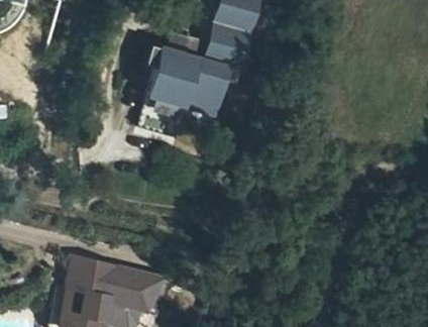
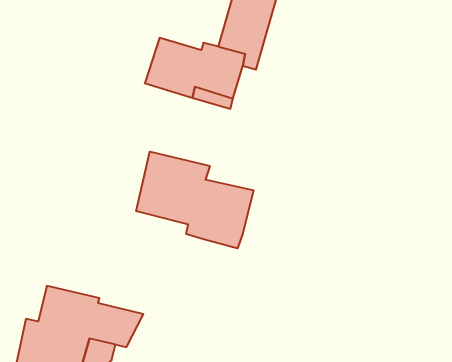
building: none -> [136,152,253,248]

